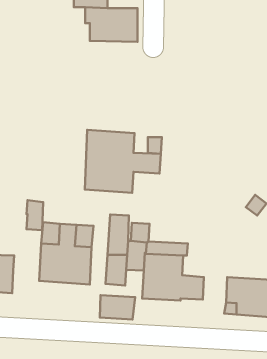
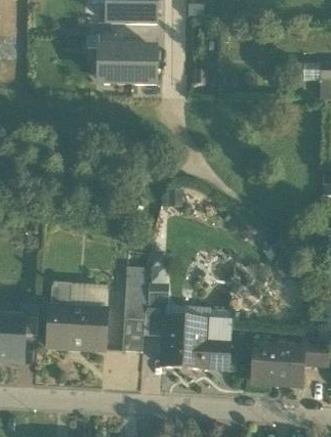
building: [85,130,161,193] -> none
building: [26,200,43,230] -> [20,303,39,336]
building: none -> [206,318,232,342]
building: [100,295,135,319] -> none

